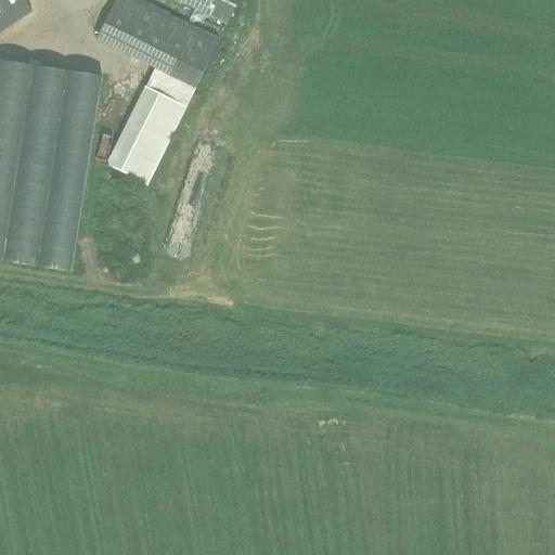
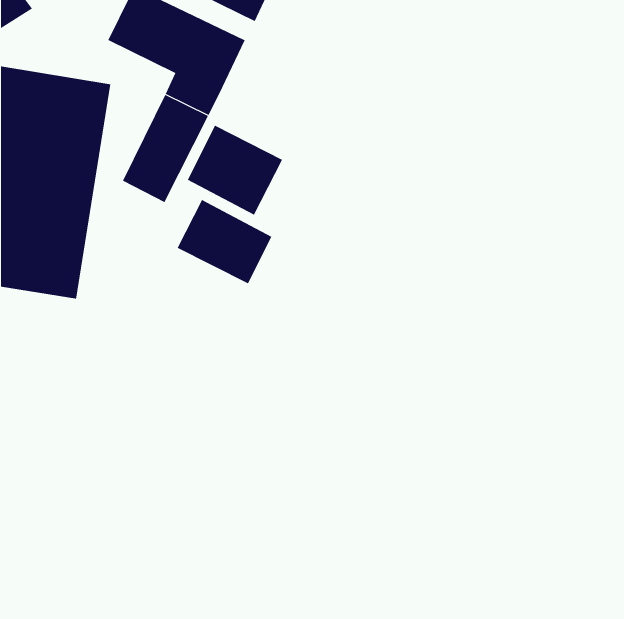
building: none -> [187,125,283,216]
building: none -> [177,199,272,284]

